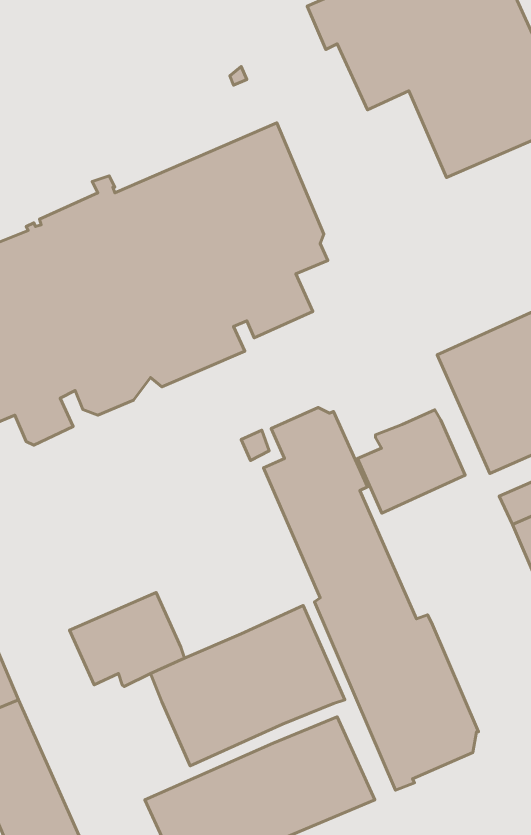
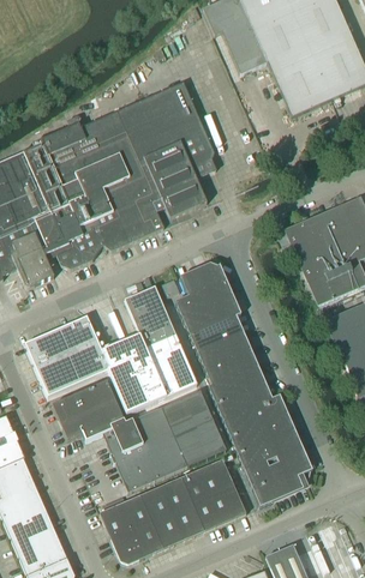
building: [357,410,465,513] -> none
building: none -> [25,285,197,413]

